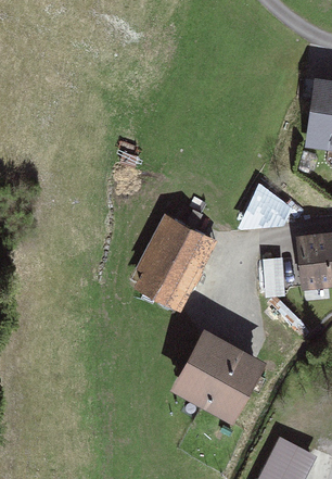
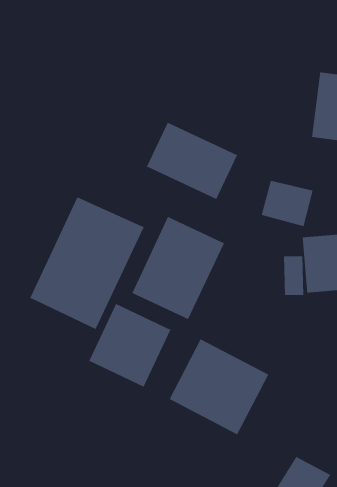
building: none -> [146,122,238,200]
building: none -> [29,196,144,330]
building: none -> [88,303,171,388]

